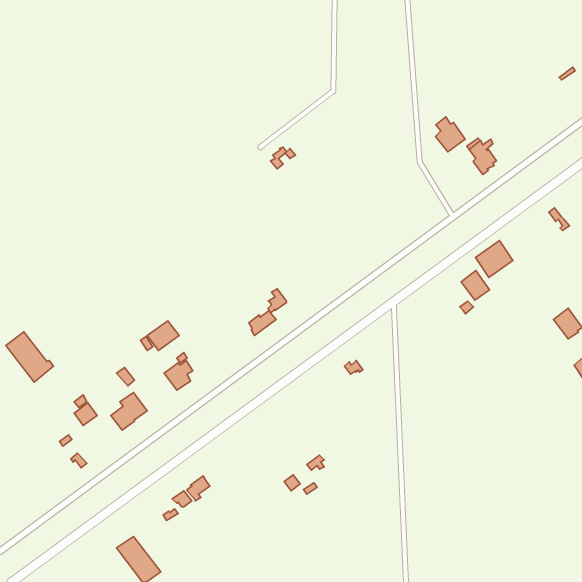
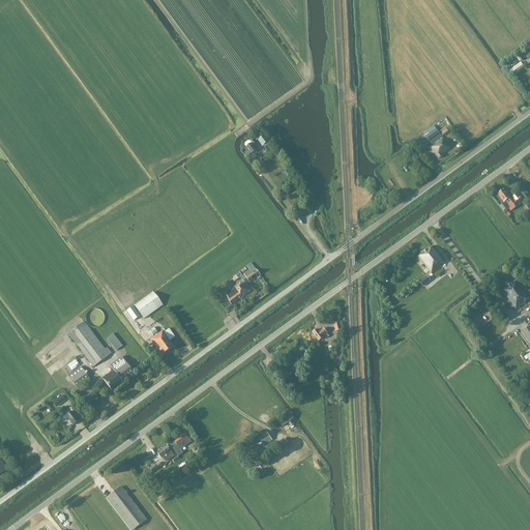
building: [436,117,465,152] -> none
building: [475,240,513,278] -> none
building: [6,332,54,382] -> [68,321,112,366]

